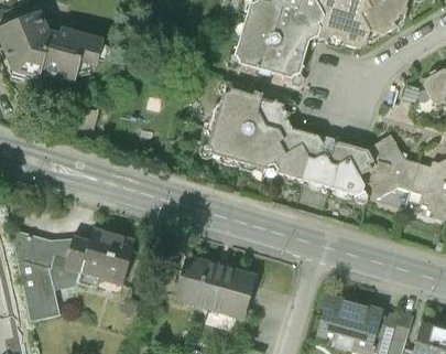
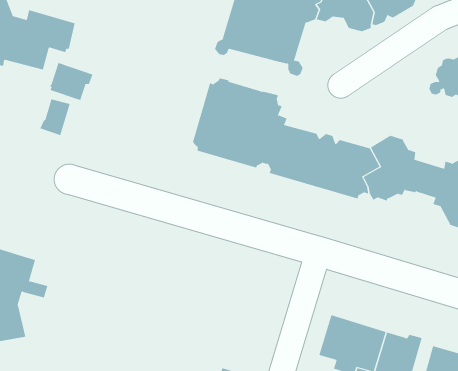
building: none -> [49,62,93,101]
building: [63,228,134,289] -> none
building: [174,255,255,318] -> none

